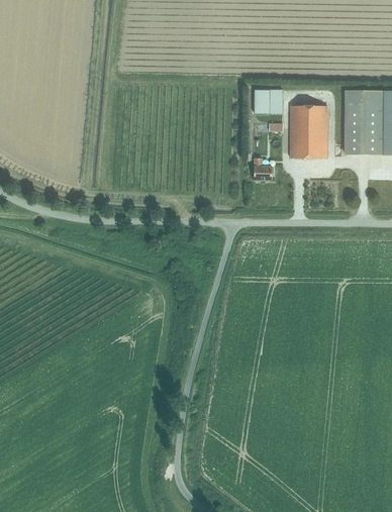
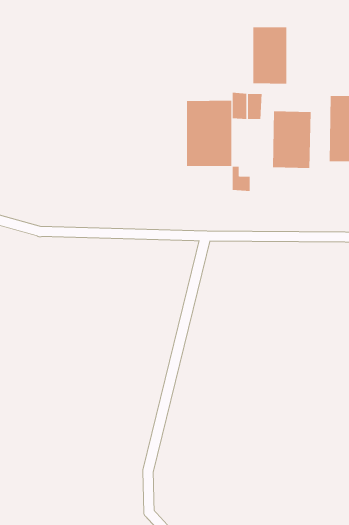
building: none -> [253,26,287,84]
building: none -> [187,100,232,167]

